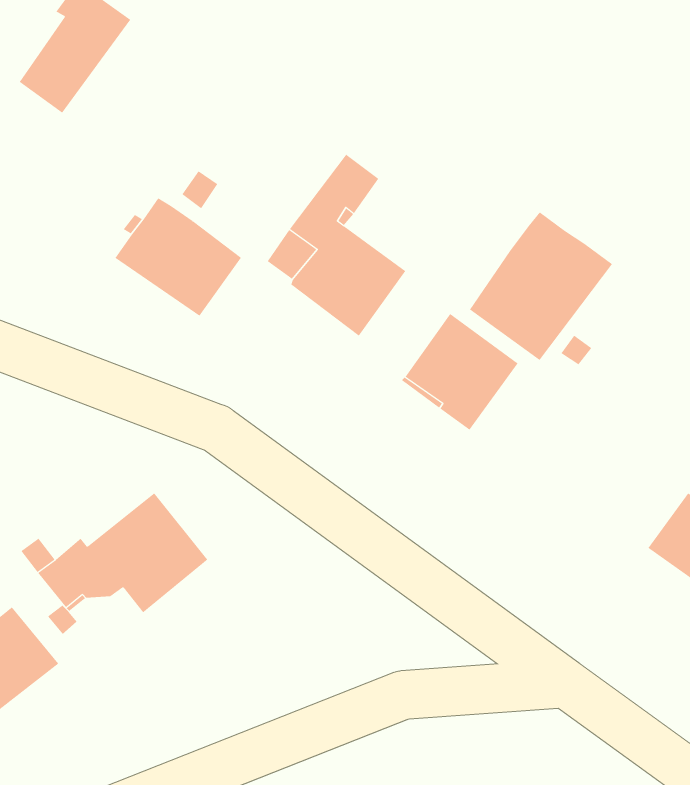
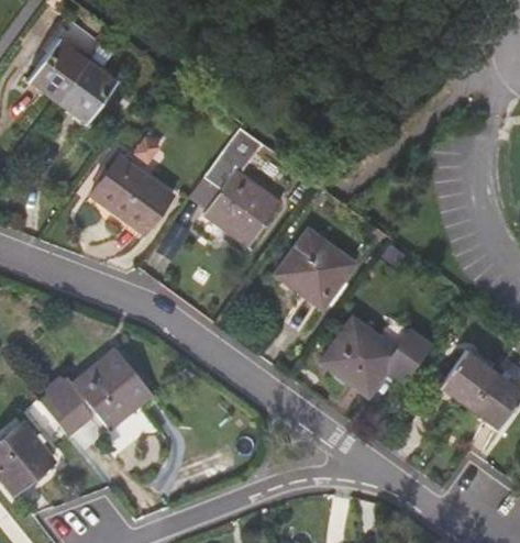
building: none -> [55,40,118,123]
building: [469,211,613,361] -> none
building: none -> [320,319,430,397]

